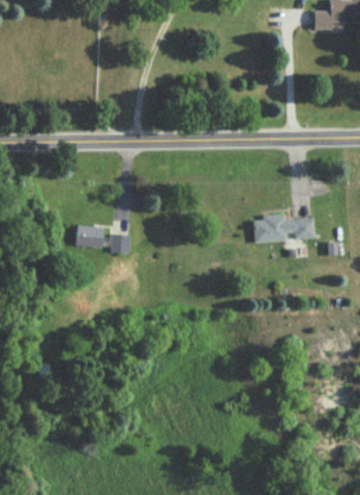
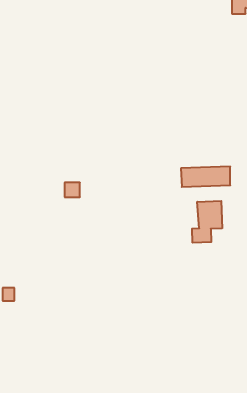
building: [76,227,102,248] -> none
building: none -> [192,201,222,243]

